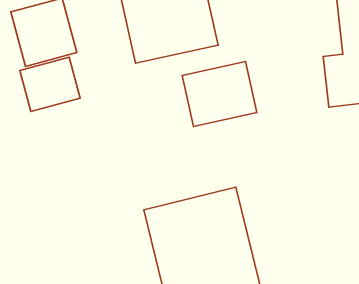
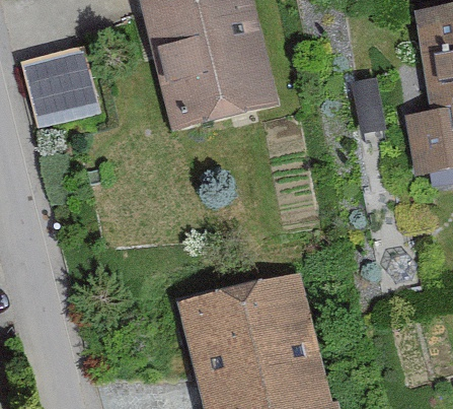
building: [20,57,80,111] -> none
building: [182,62,257,126] -> none

